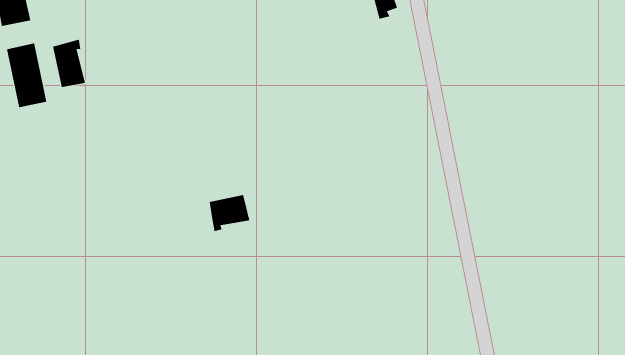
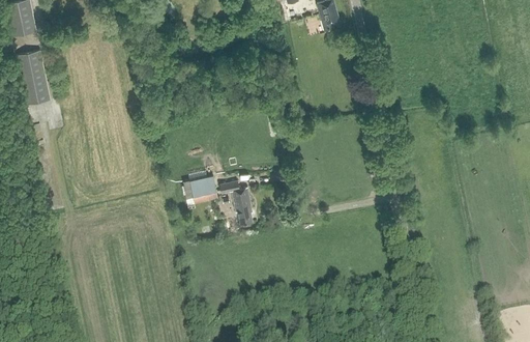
building: [53,39,85,88] -> none
building: none -> [219,180,253,225]

